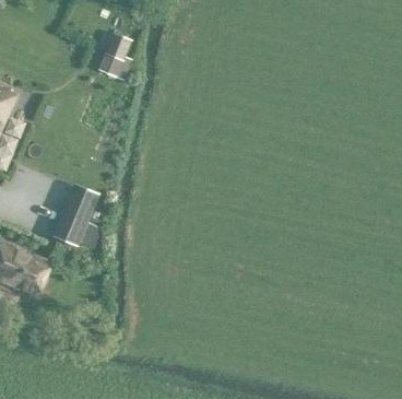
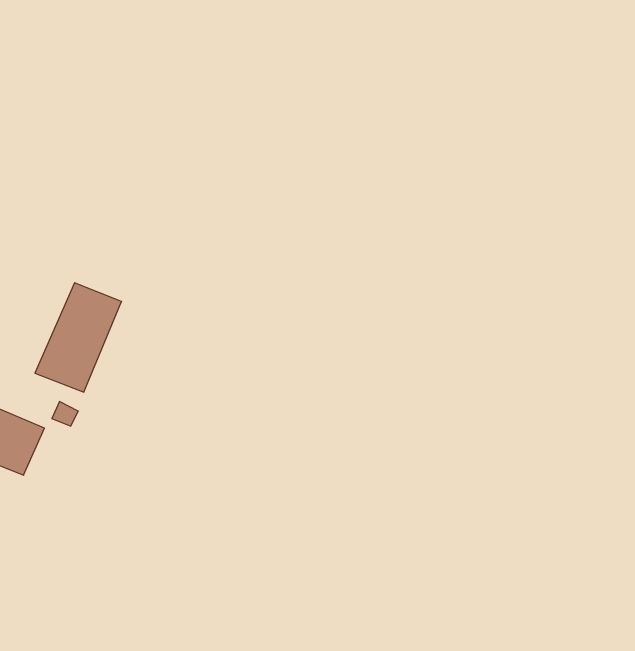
building: [95,32,128,79] -> none

